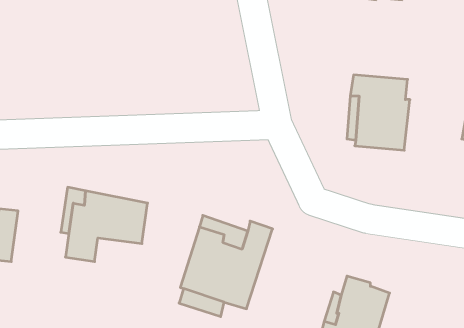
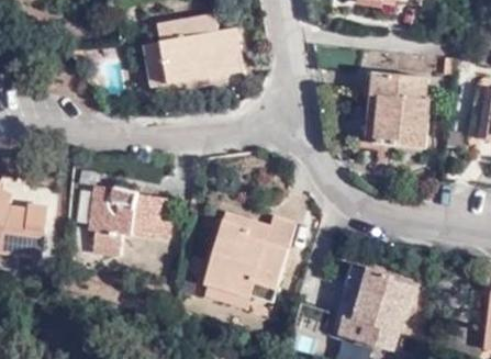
building: none -> [142,13,242,86]

